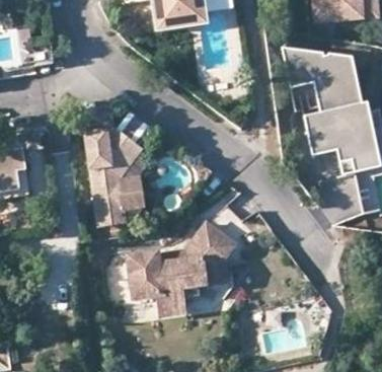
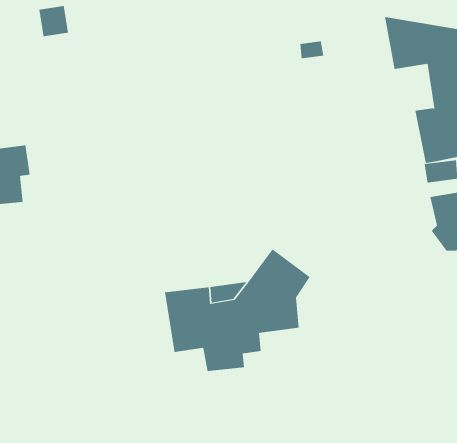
building: [85,126,143,220] -> none

